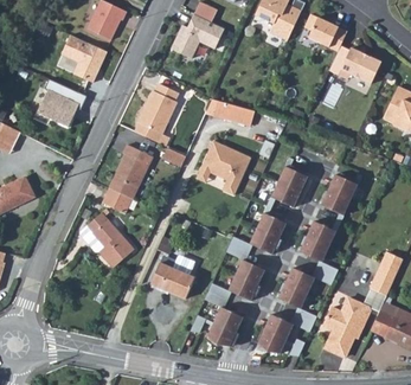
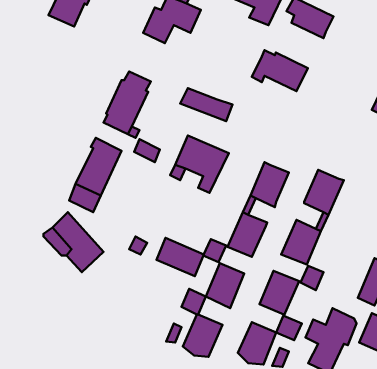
building: [58,37,103,84] -> none
building: [329,45,381,83] -> [252,50,308,91]
building: [46,86,82,128] -> none
building: [152,263,195,299] -> [156,238,204,276]

